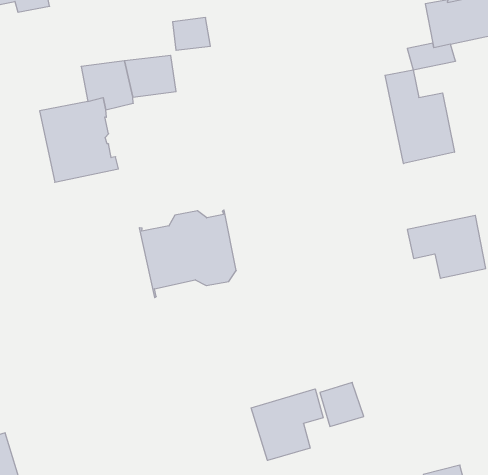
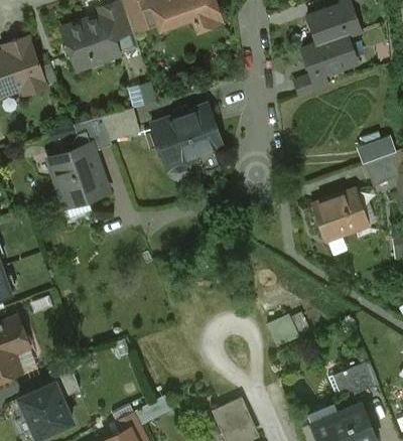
building: [385,70,454,164] -> none
building: [139,210,236,298] -> [150,105,221,171]
building: [251,389,323,460] -> none

